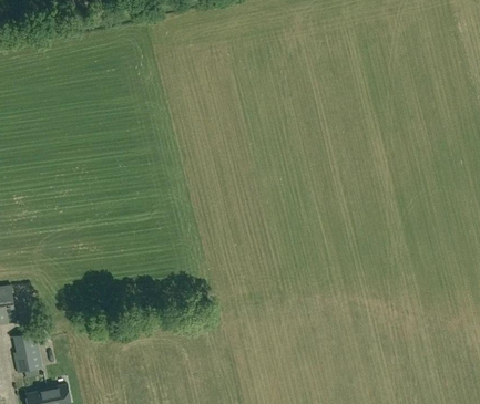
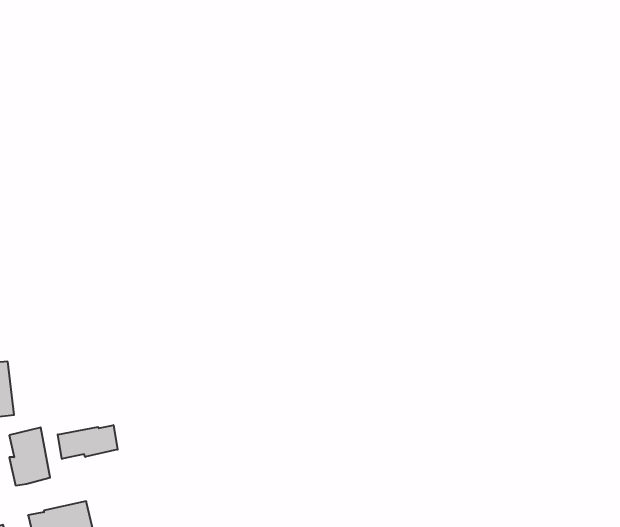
building: none -> [58,425,118,459]

